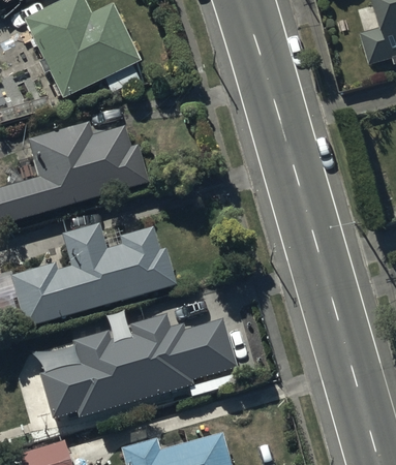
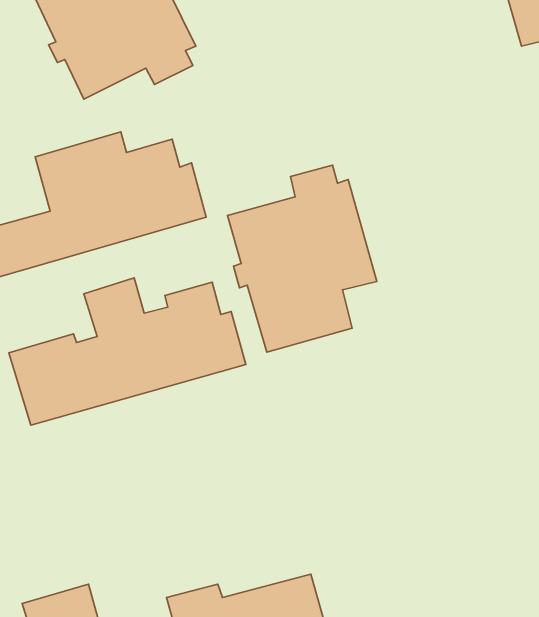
building: none -> [227,165,377,352]
building: [38,314,235,418] -> none

